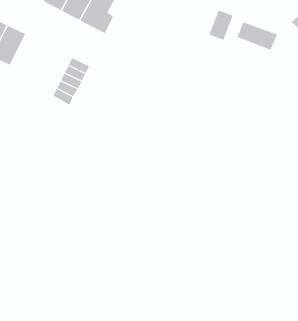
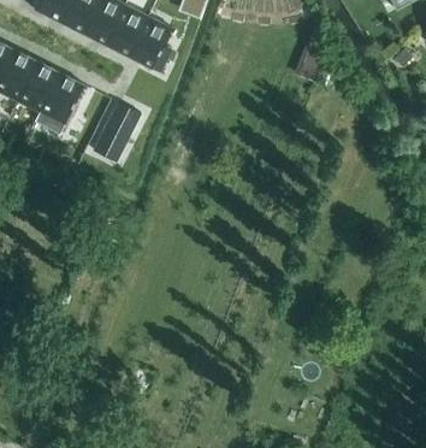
building: [237,22,278,50] -> none
building: none -> [37,72,85,134]

